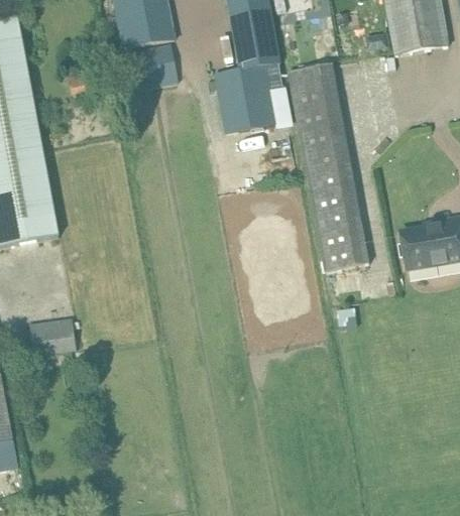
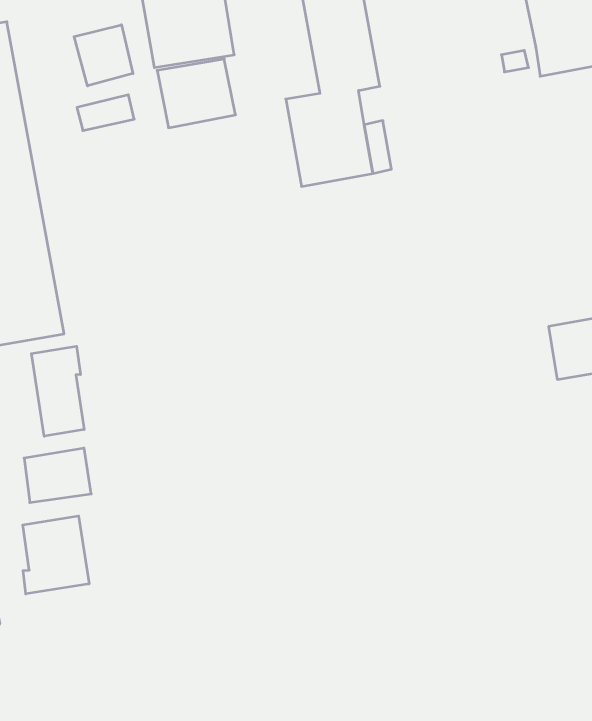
building: none -> [74,25,133,86]
building: [289,63,364,270] -> none
building: none -> [31,346,84,436]
building: none -> [23,516,89,594]

